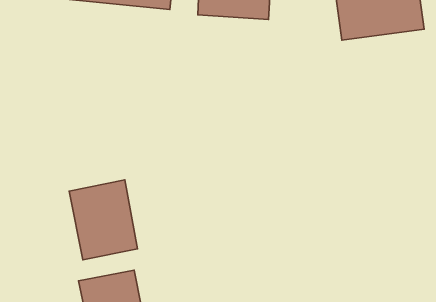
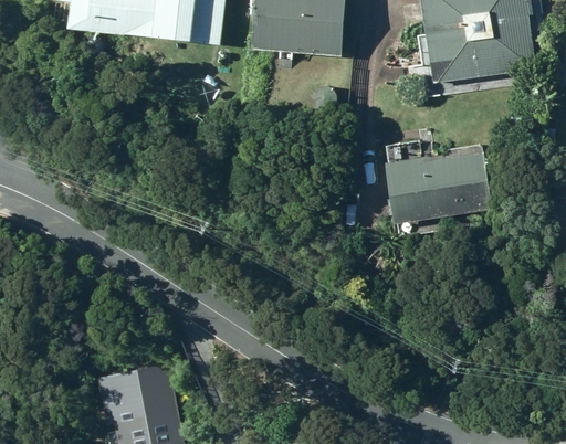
building: none -> [386,152,490,224]
building: [69,180,138,260] -> none

